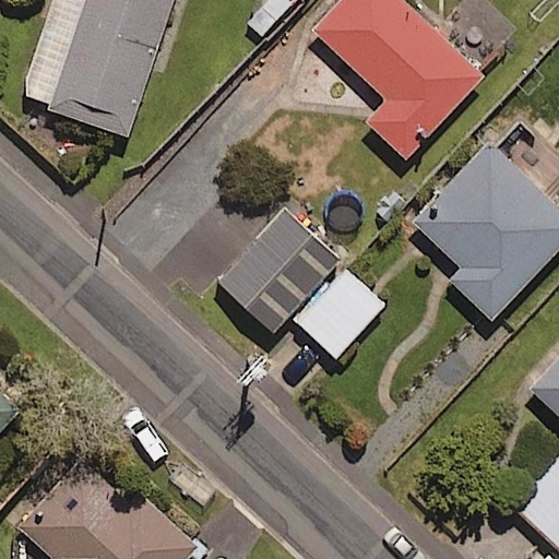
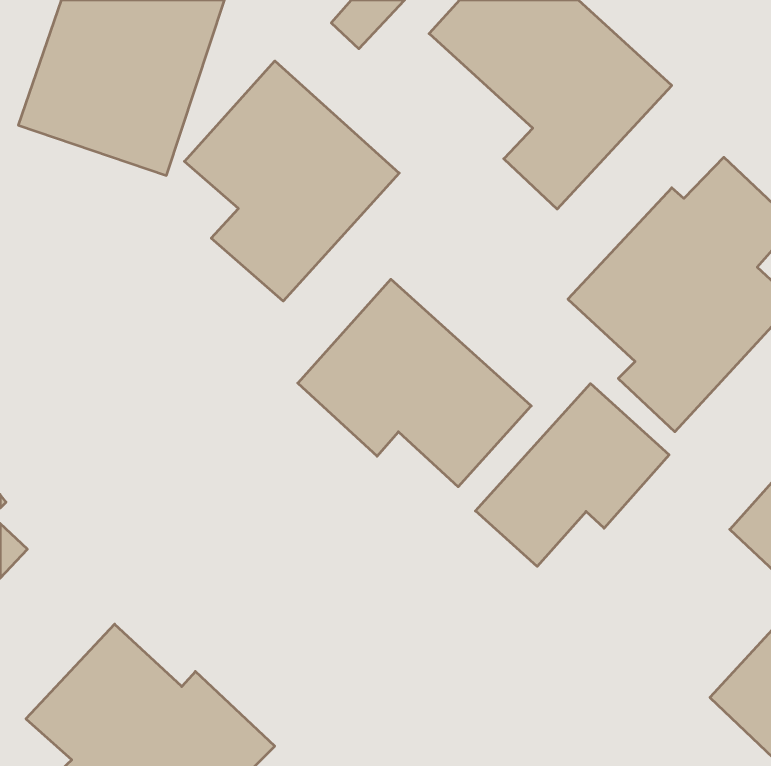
building: none -> [184,61,399,301]
building: none -> [475,384,669,566]

